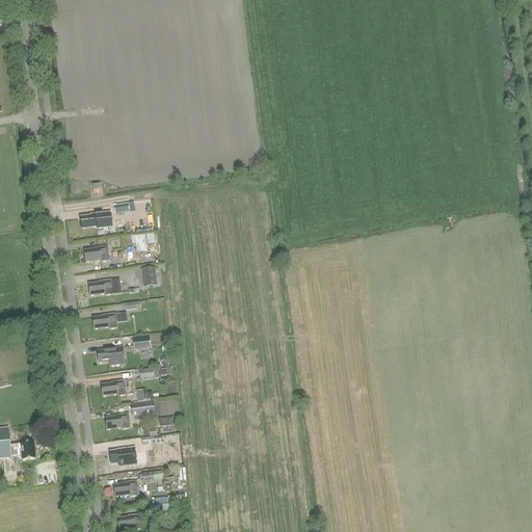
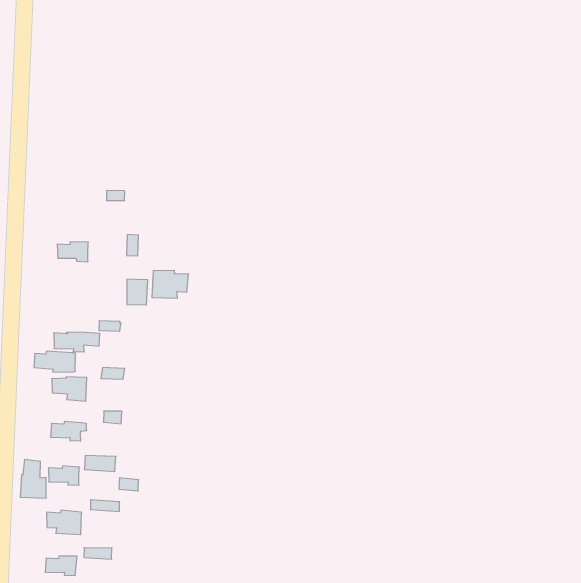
building: [79,210,111,227] -> none
building: none -> [152,270,188,298]
building: [88,277,121,294] -> [34,351,75,372]
building: none -> [20,459,46,498]

